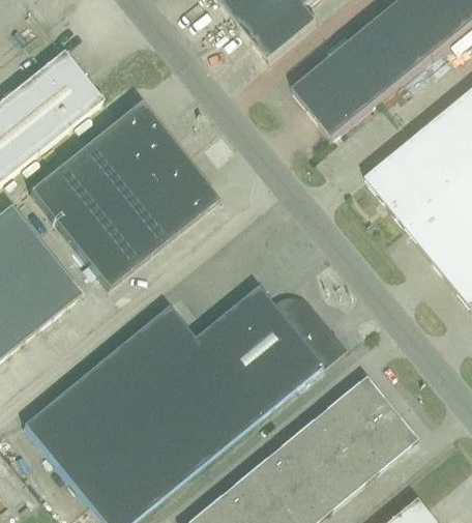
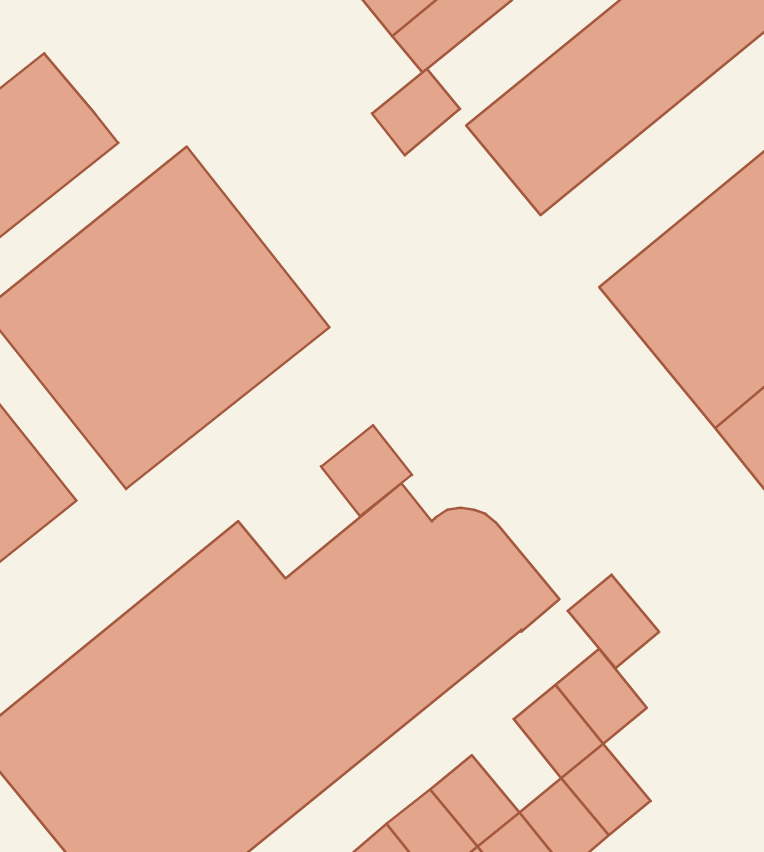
building: none -> [372,69,460,155]
building: none -> [321,425,412,516]
building: [367,407,417,458] -> [568,575,659,668]
building: [296,413,345,464] -> none

